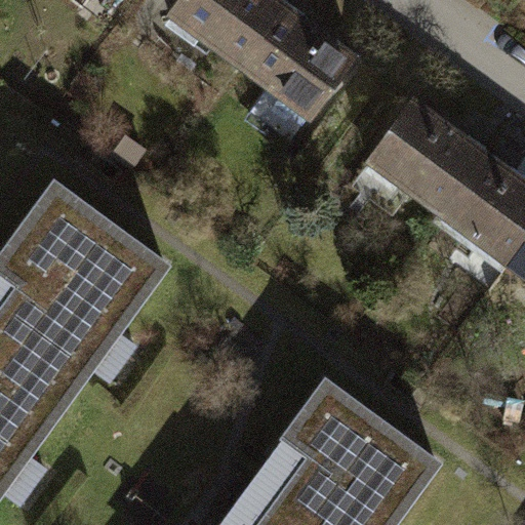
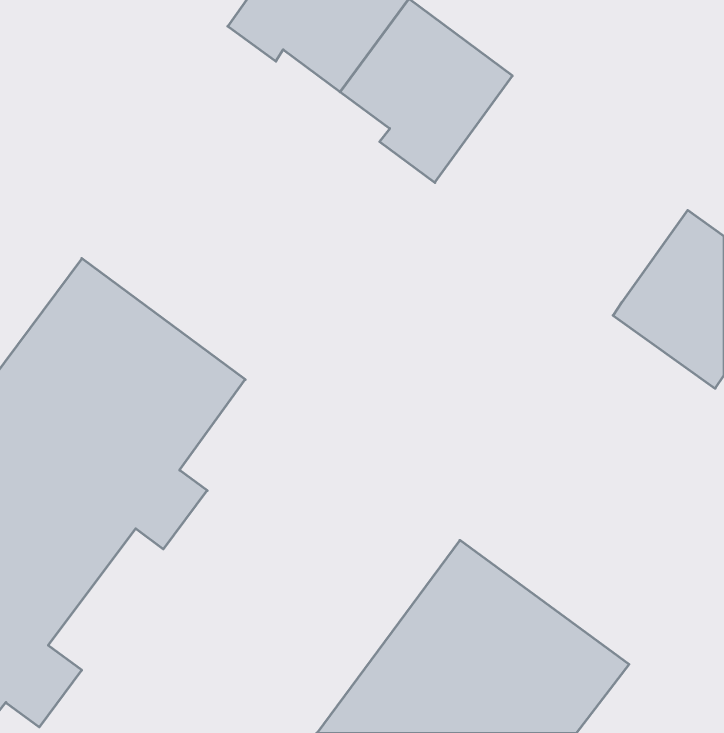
building: [359,96,483,212] -> none

